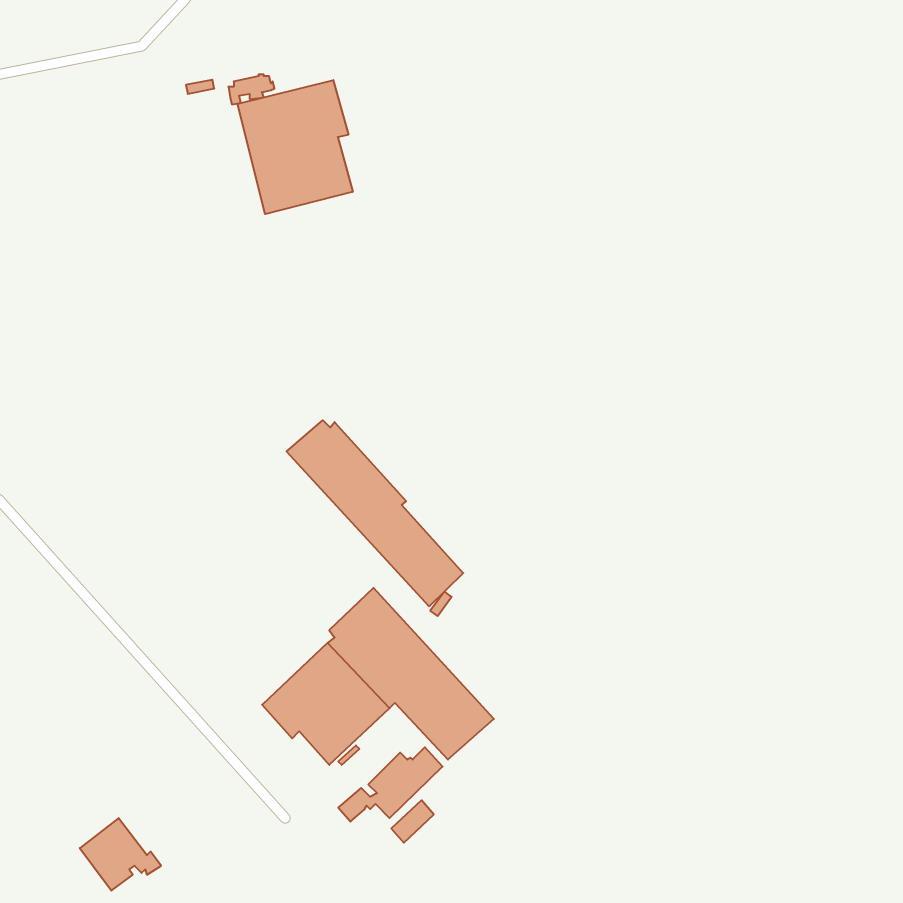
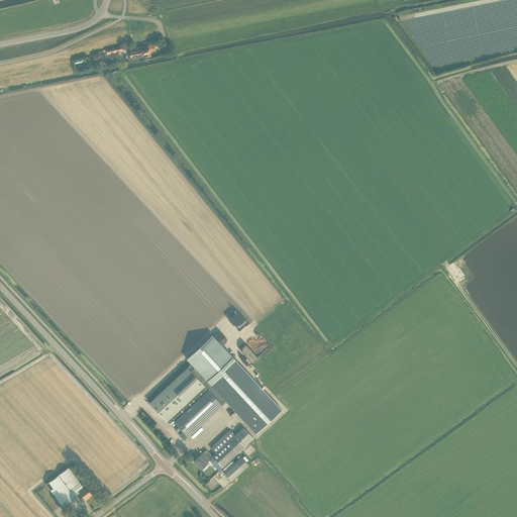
building: [238,80,353,214] -> none
building: [287,420,463,606] -> none

